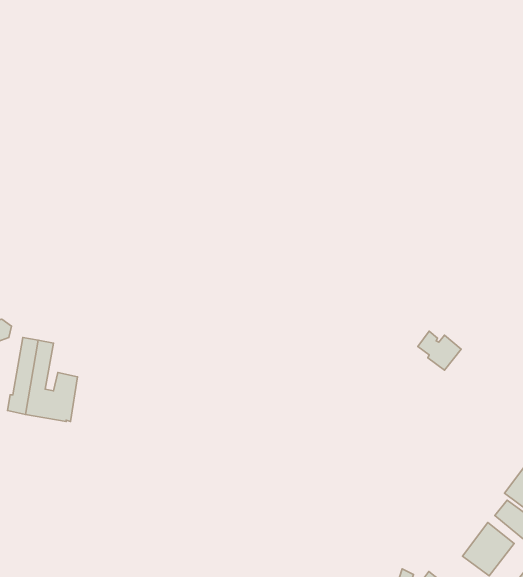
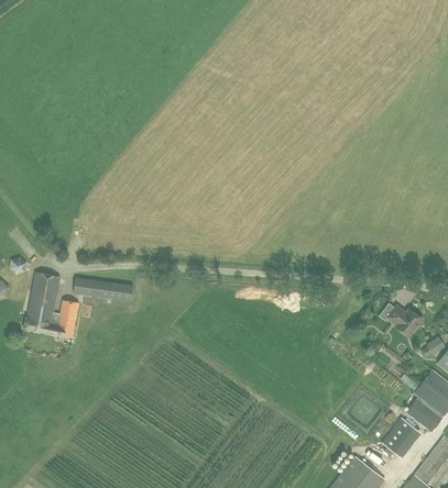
building: [418,331,461,370] -> [387,306,422,336]
building: none -> [73,277,132,300]

